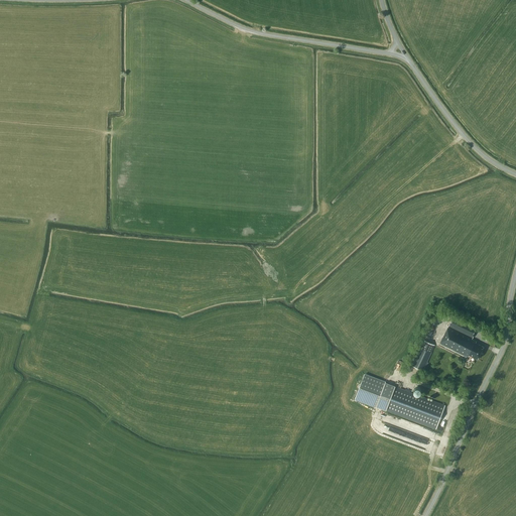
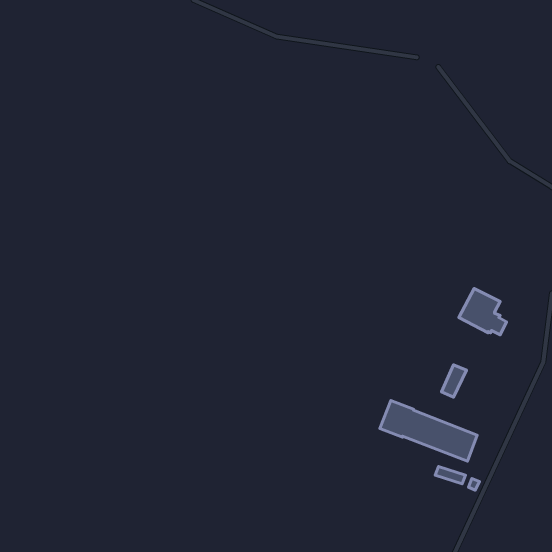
building: [438,317,483,361] -> [459,288,507,335]

